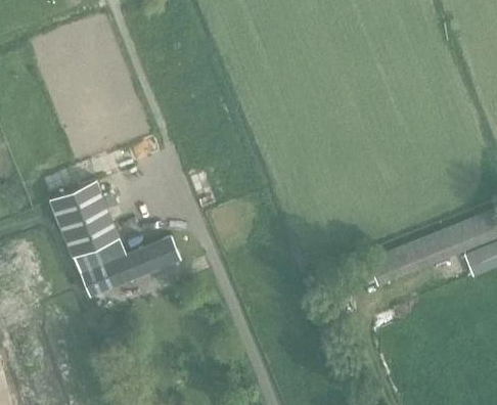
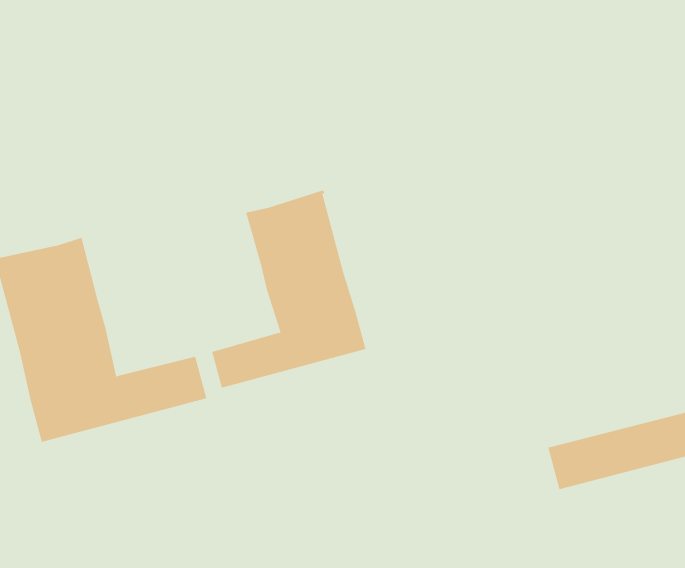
building: none -> [211,189,366,389]

